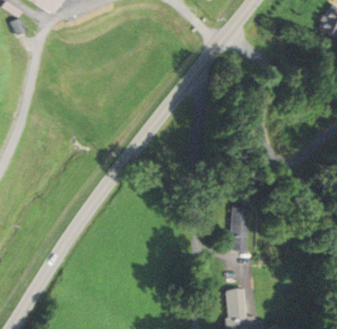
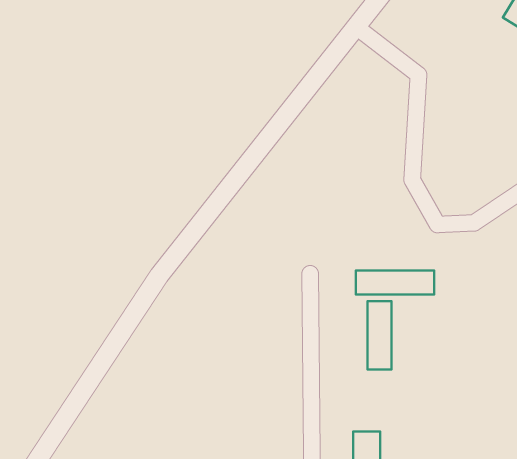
building: none -> [356,270,434,294]

